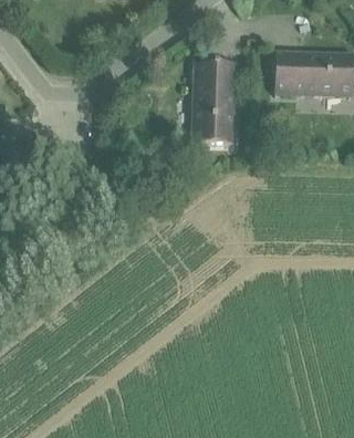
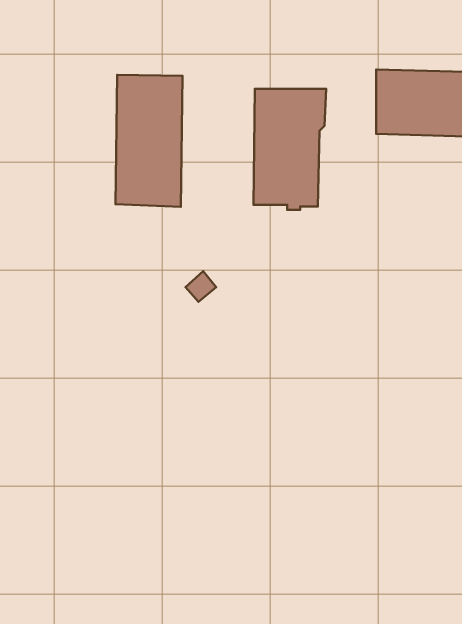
building: none -> [115,75,183,207]

